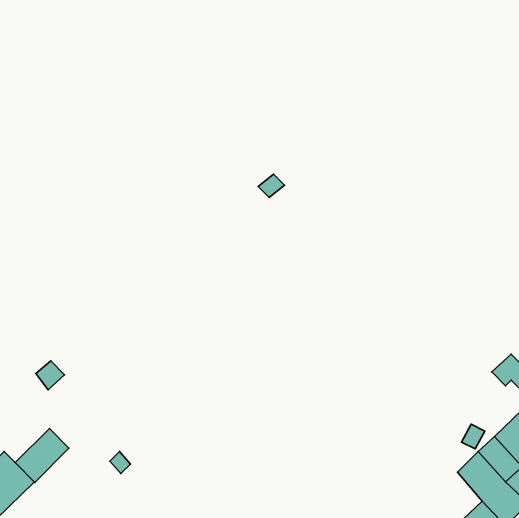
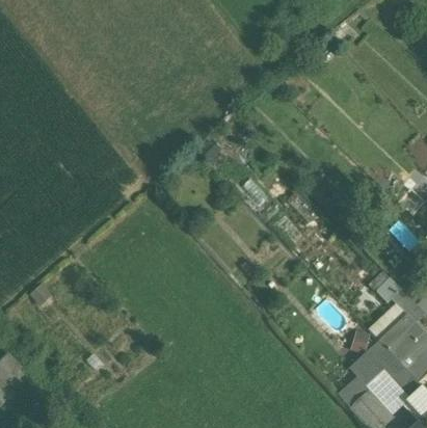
building: [15,429,69,482] -> none

